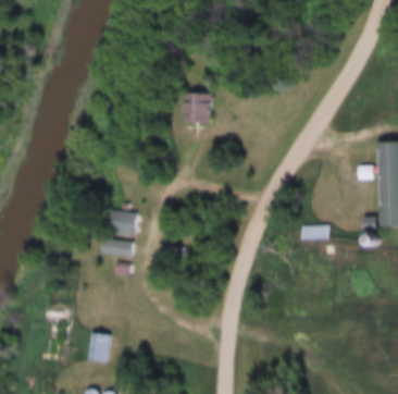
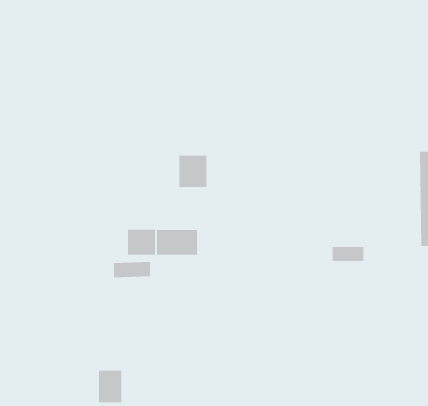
building: [191,94,216,122] -> [178,155,207,188]
building: none -> [157,229,197,255]

